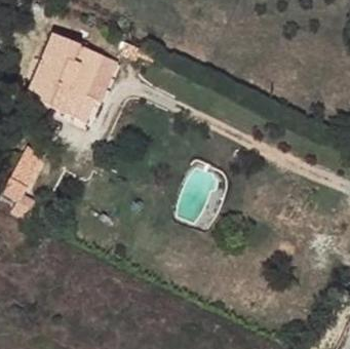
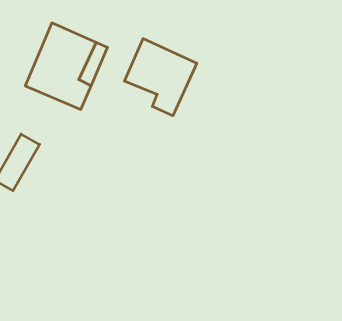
building: none -> [124,39,197,116]

